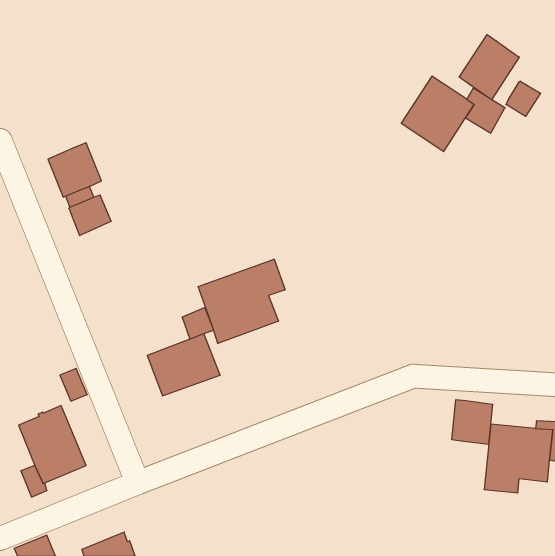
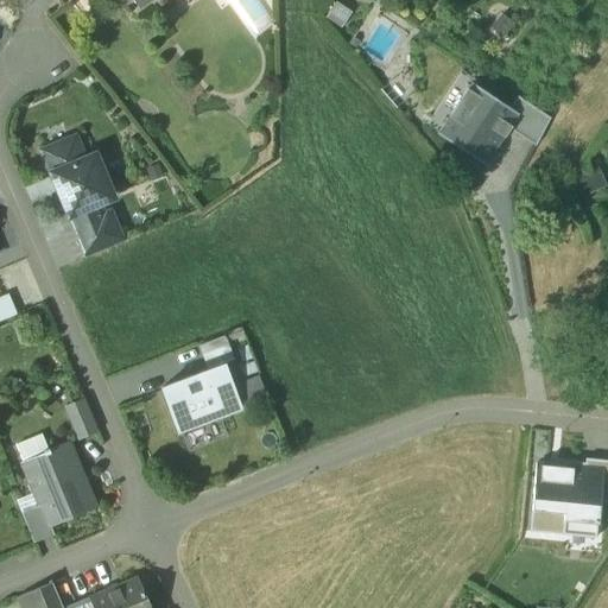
building: [459,35,519,100] -> none
building: [506,81,541,116] -> none
building: none -> [45,139,84,173]
building: [198,259,285,344] -> none
building: [452,400,493,444] -> none

